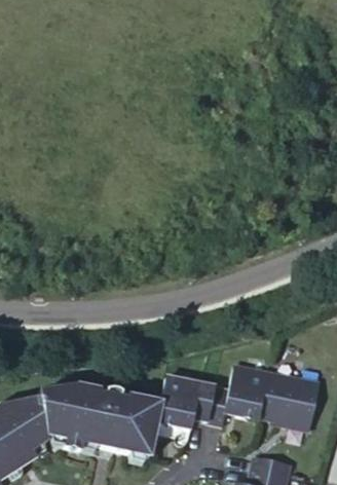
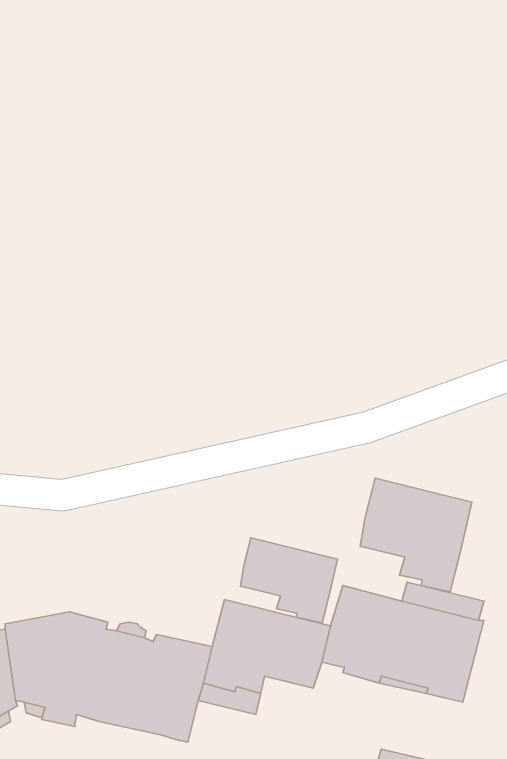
building: none -> [360,478,472,592]
building: none -> [241,538,338,623]

